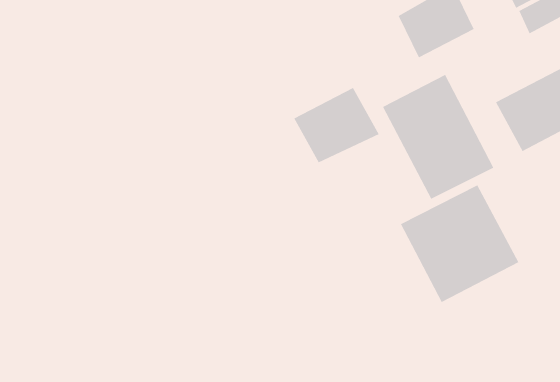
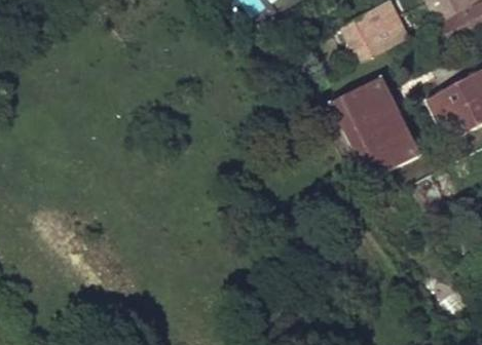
building: [293,87,380,163] -> none
building: [400,184,519,303] -> none

